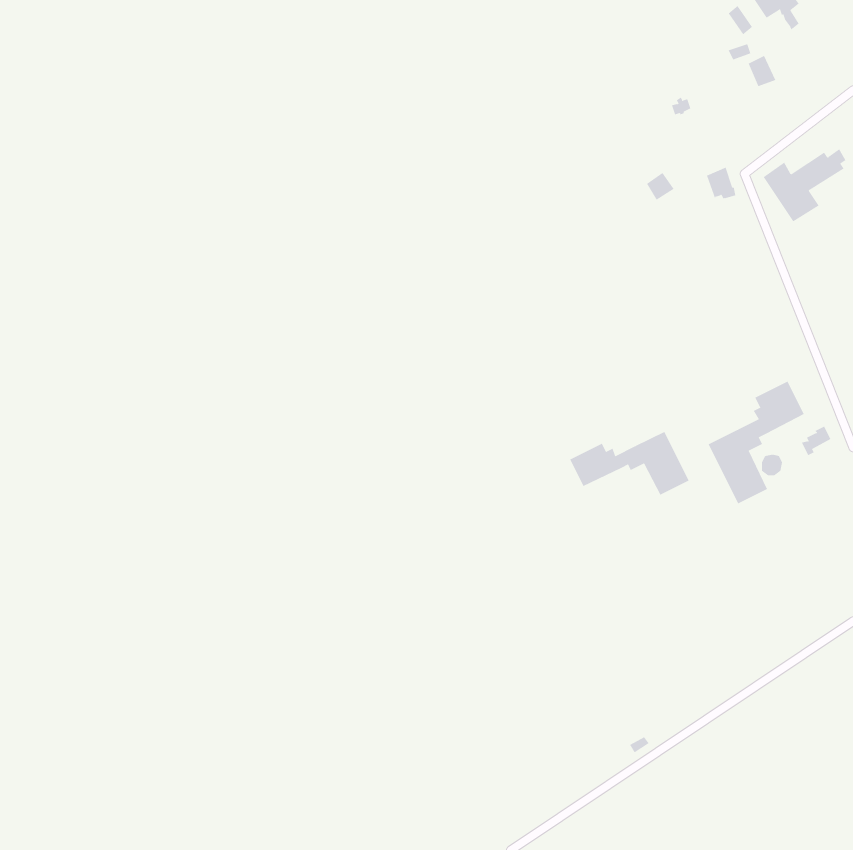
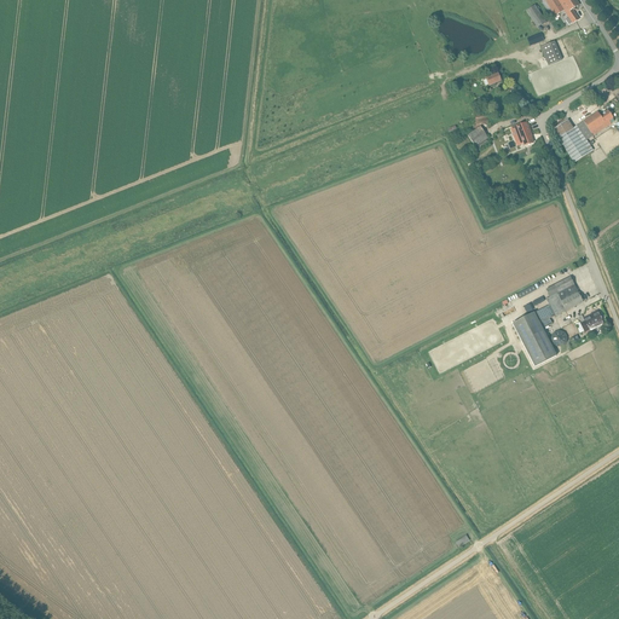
building: [569,431,689,496] -> none

